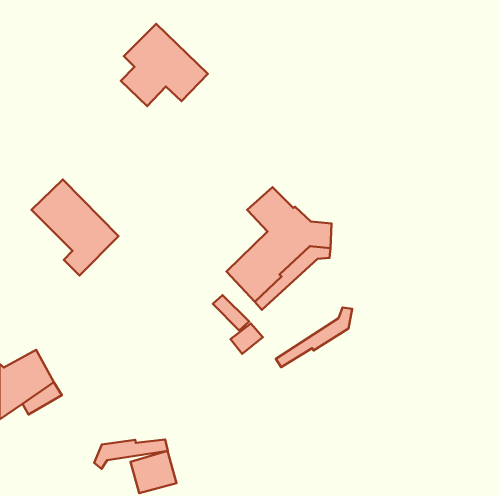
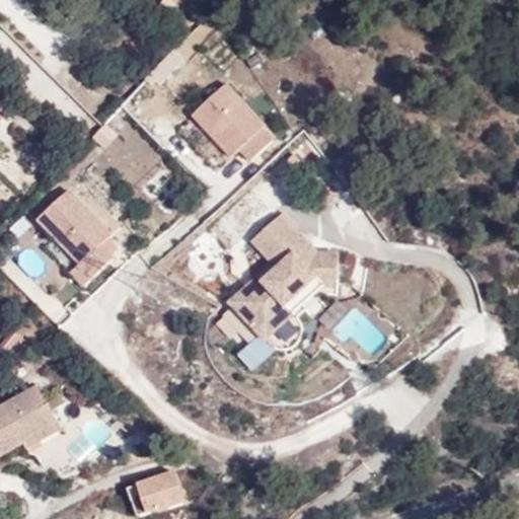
building: [121,24,208,106] -> [186,84,276,169]
building: [276,307,352,367] -> none
building: [94,440,168,469] -> none

